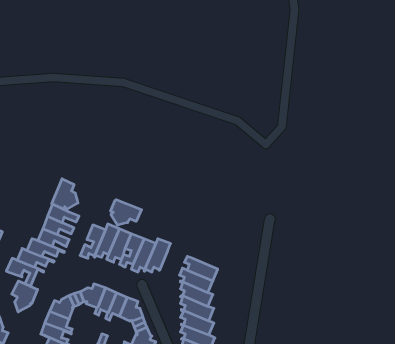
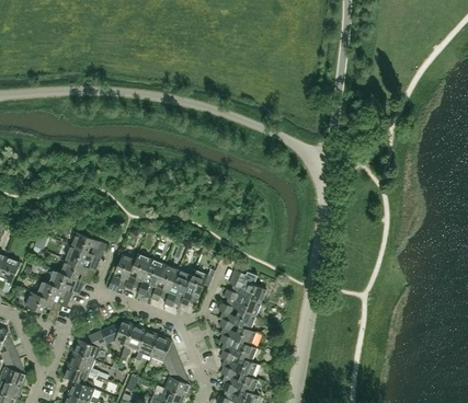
building: [52,179,78,209] -> none
building: [111,200,142,225] -> none
building: none -> [229,270,266,304]
building: [12,281,38,312] -> none

